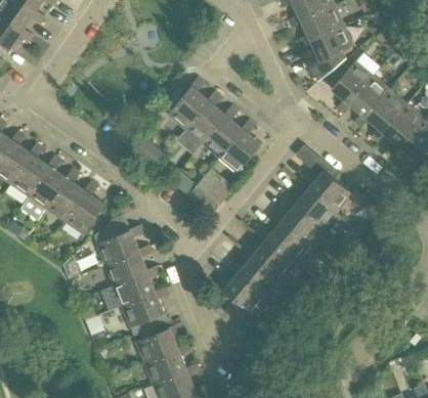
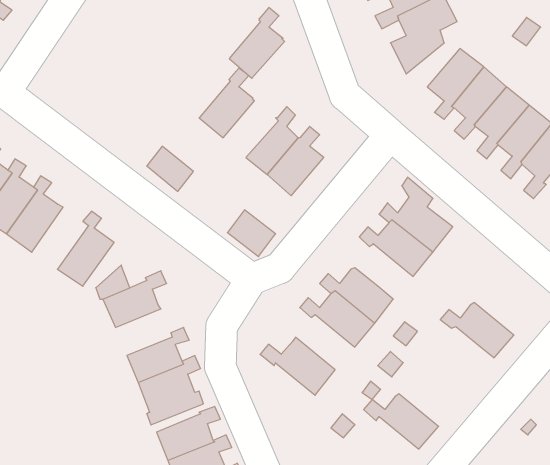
building: [186,92,226,143] -> [229,7,285,78]
building: [48,169,89,224] -> none
building: [270,206,324,246] -> [440,303,514,358]
building: [109,246,154,286] -> none
building: [227,257,282,297] -> [364,394,439,449]

